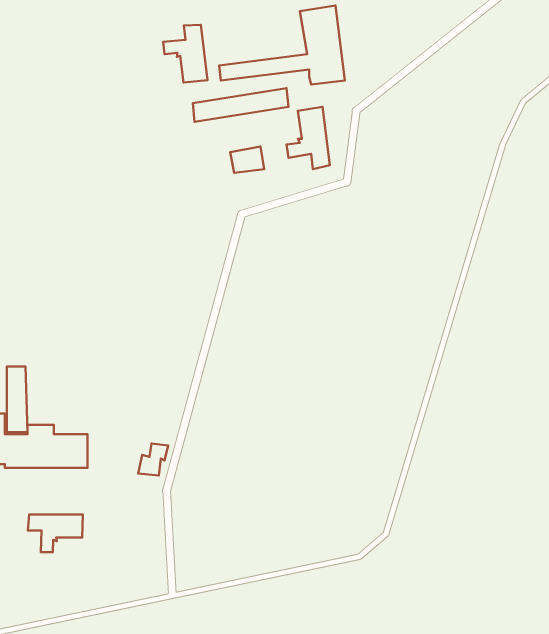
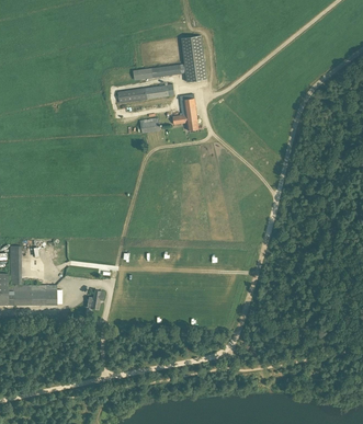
building: [163,25,208,83] -> none
building: [28,514,83,552] -> none

